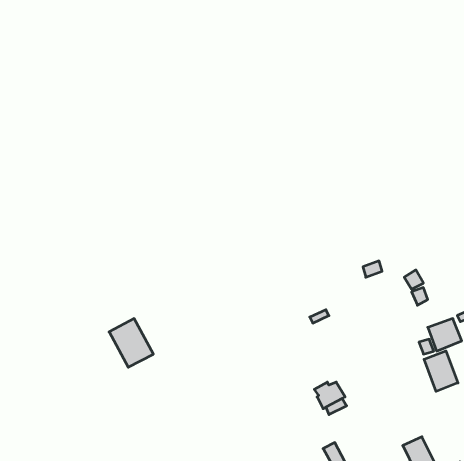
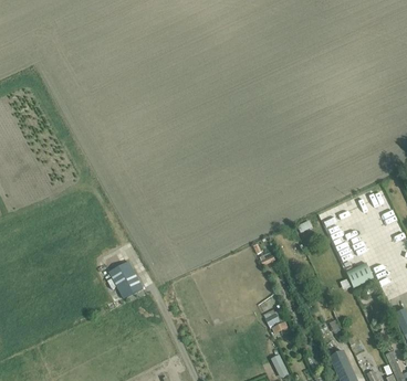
building: [424,351,458,391] -> none

